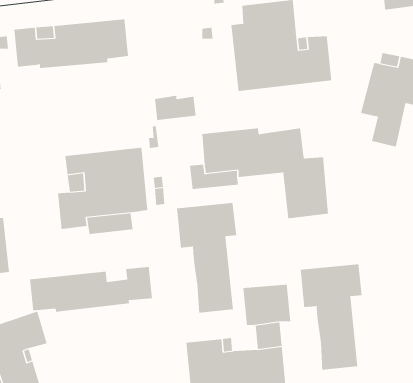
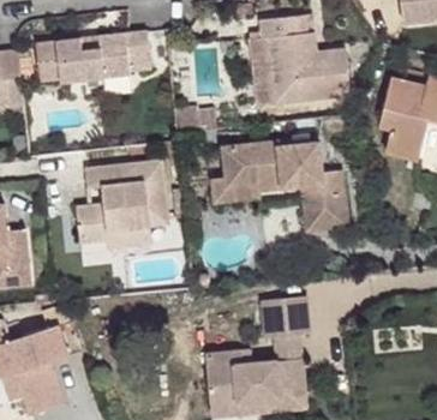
building: [177,202,237,313] -> none
building: [300,263,362,370] -> none
building: [29,266,153,312] -> none

